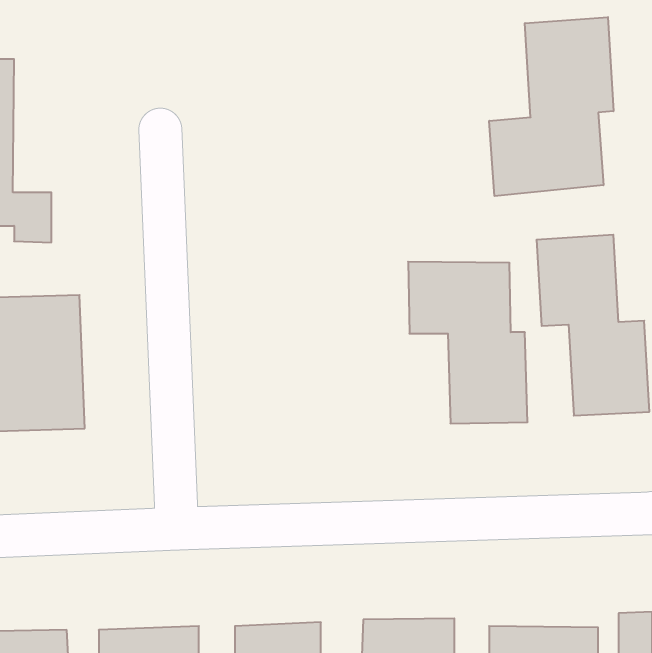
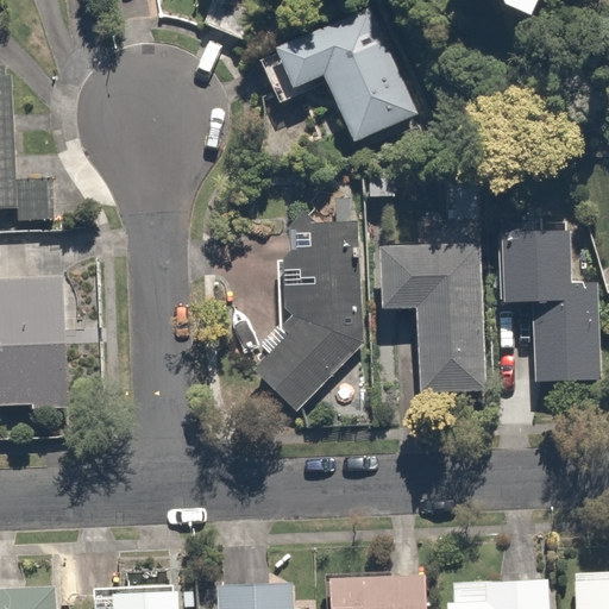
building: none -> [272,13,406,142]
building: [489,17,613,196] -> none
building: none -> [247,196,366,412]

